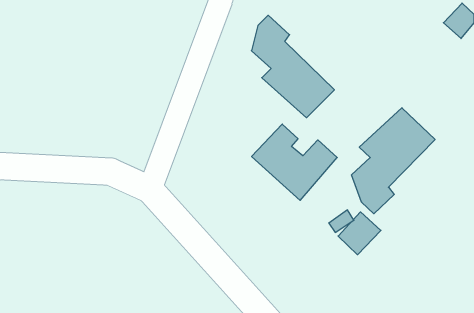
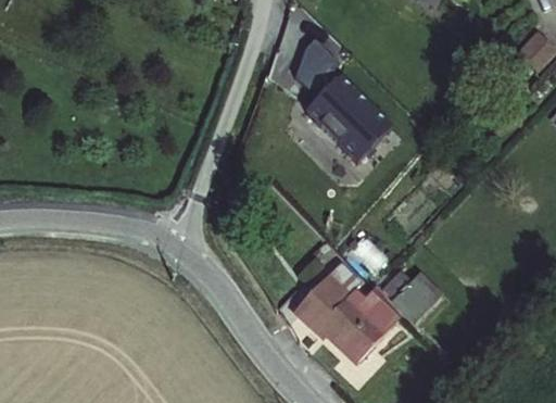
building: [352,108,435,214] -> none
building: [252,124,337,200] -> [290,270,390,360]

